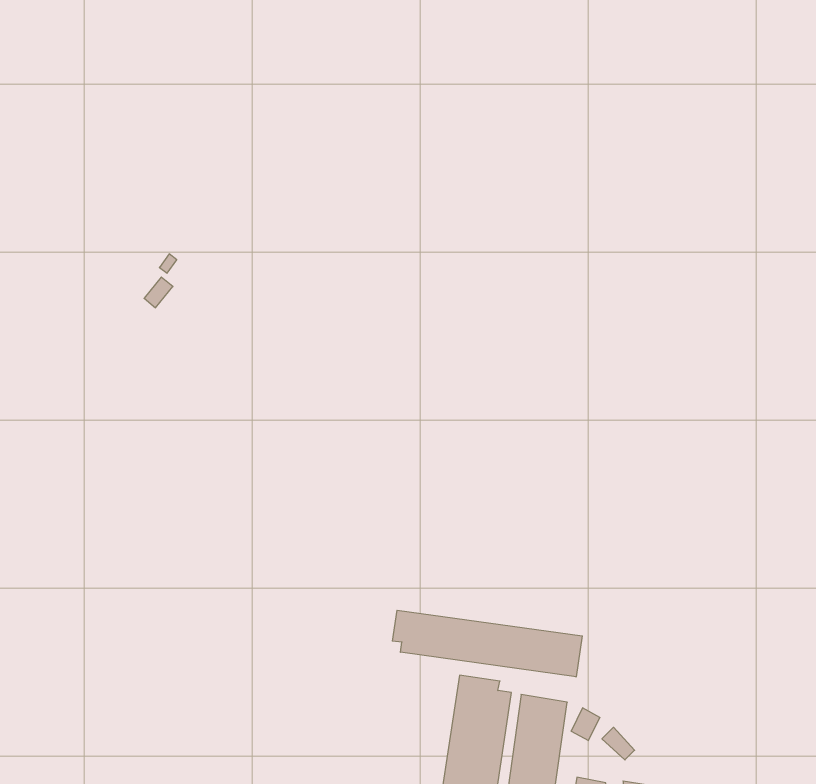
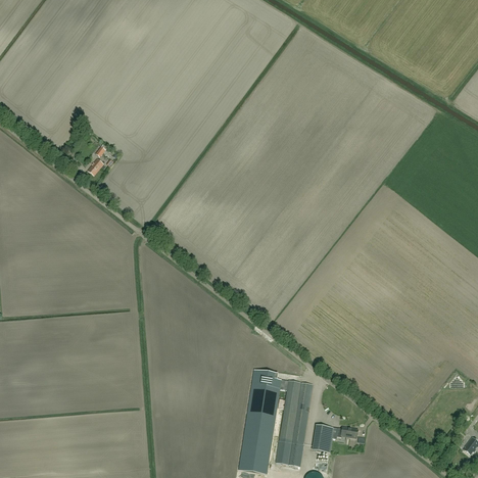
building: [392,610,582,677] -> none

